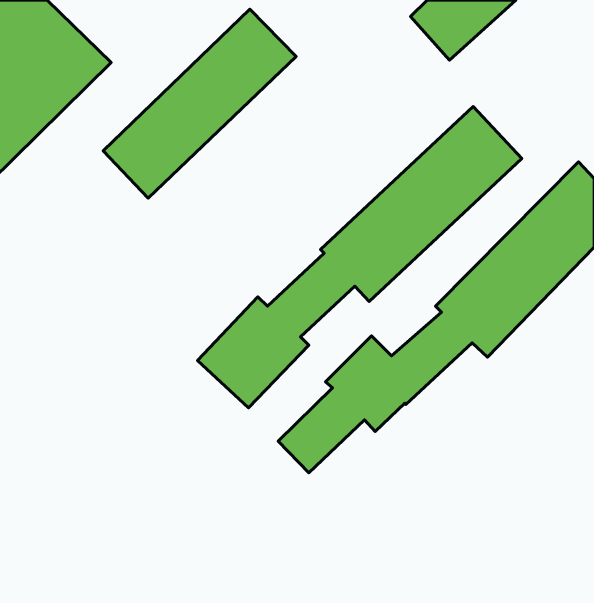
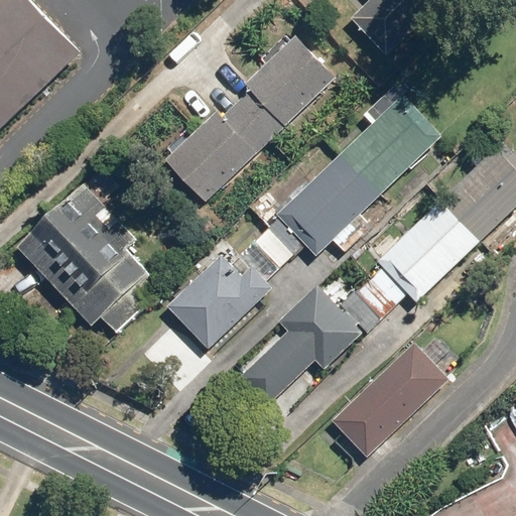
building: [103,9,296,198] -> [166,40,331,202]
building: none -> [17,185,158,327]
building: none -> [331,344,447,458]

